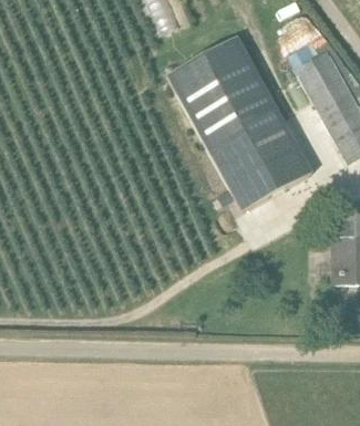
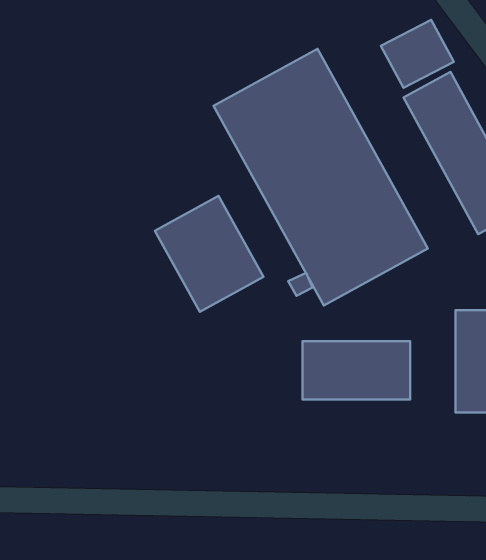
building: none -> [155,196,263,312]
building: none -> [303,341,410,399]

